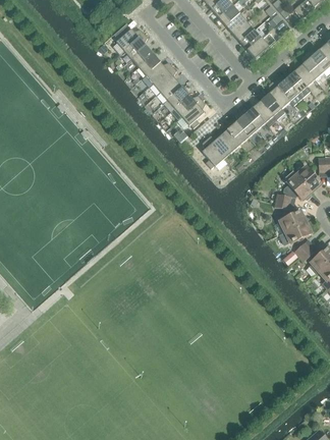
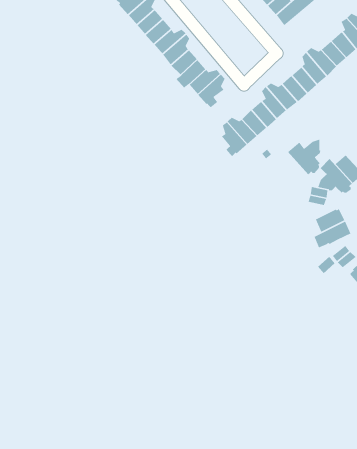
building: none -> [287,138,321,175]

